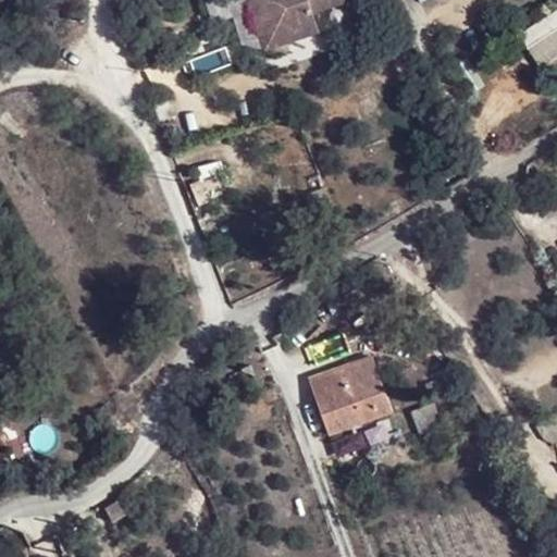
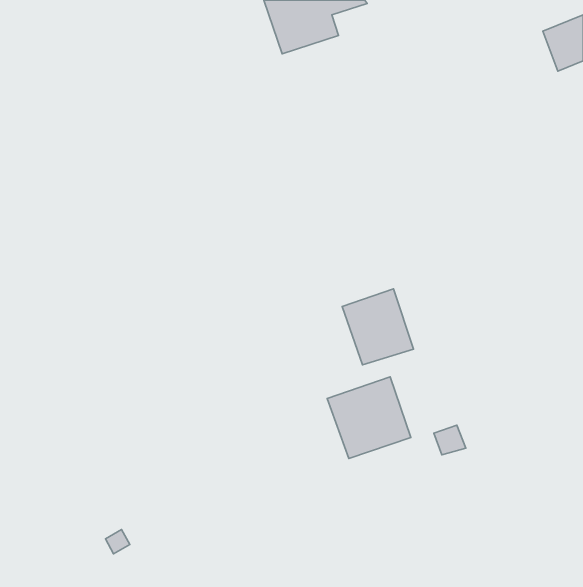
building: none -> [342,289,413,365]

